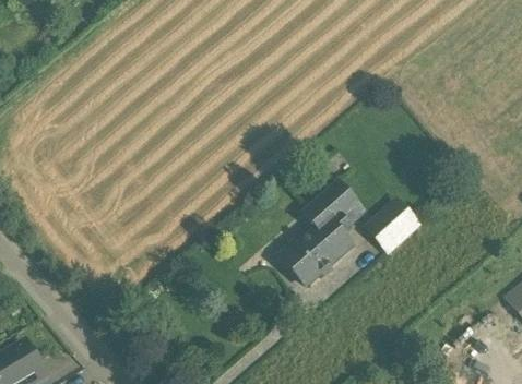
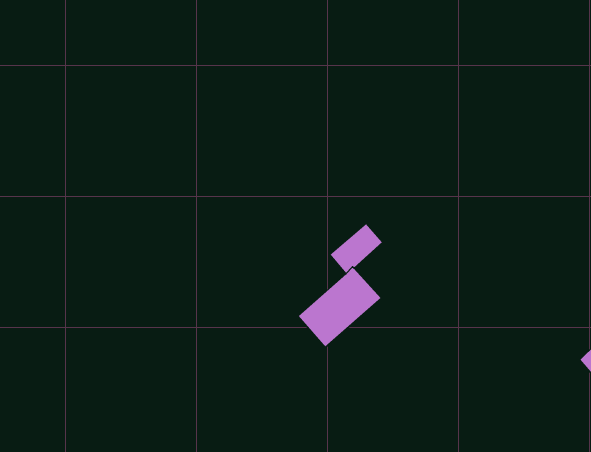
building: [368,200,418,250] -> none

